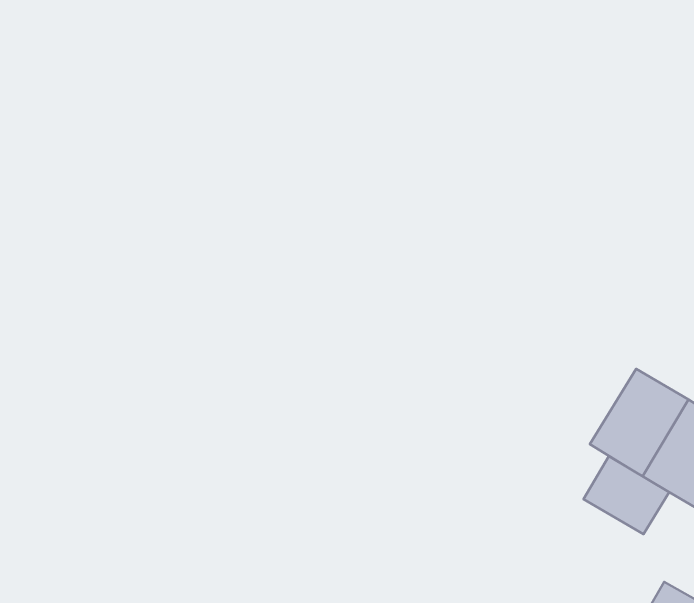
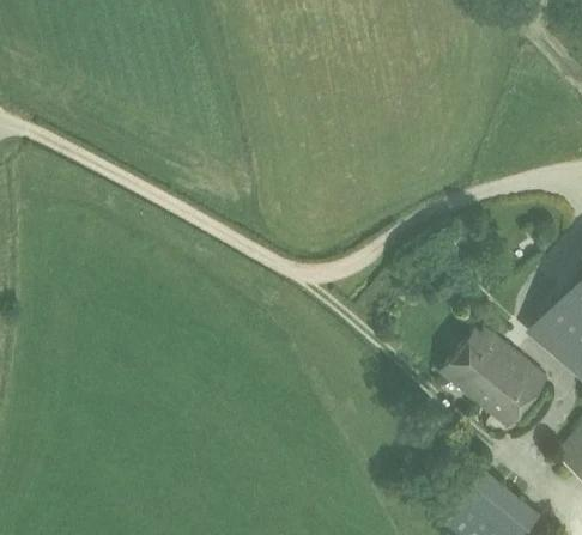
building: [584,456,669,534] -> none

